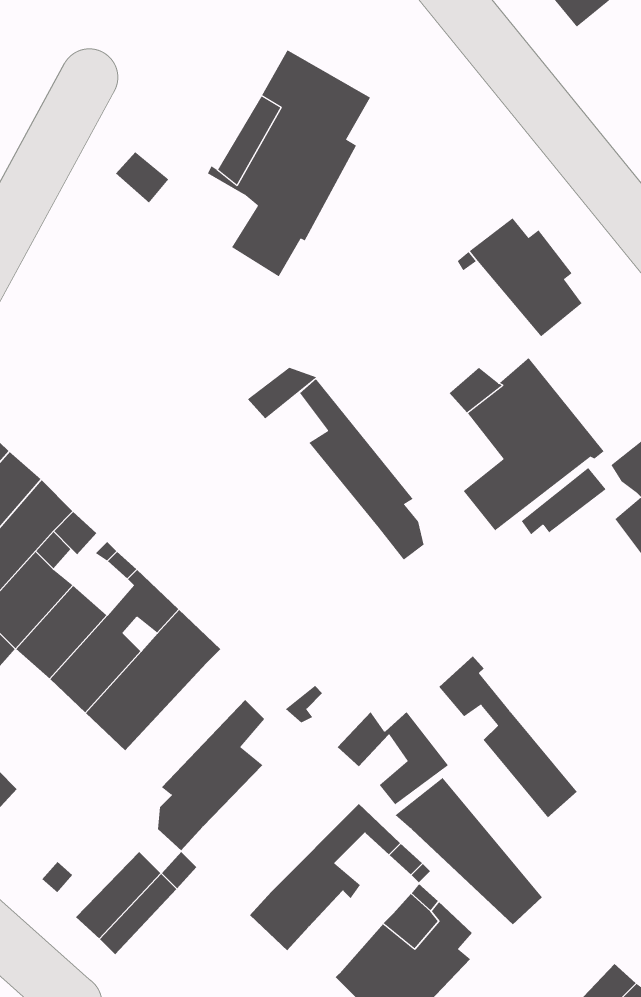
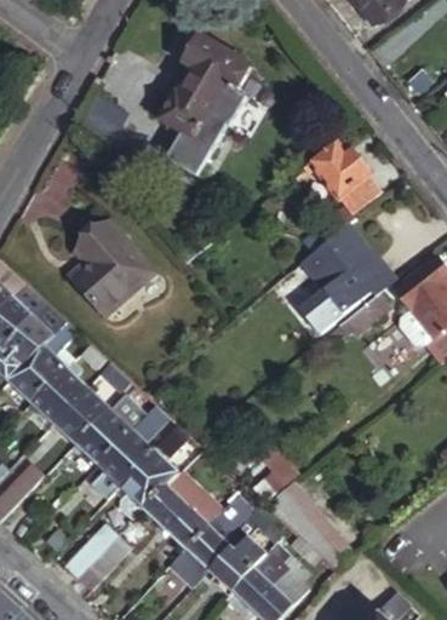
building: none -> [68,218,148,309]
building: [299,378,424,560] -> none
building: [438,656,578,818] -> none
building: none -> [88,411,171,500]
building: none -> [145,459,240,549]
building: none -> [210,545,260,598]

